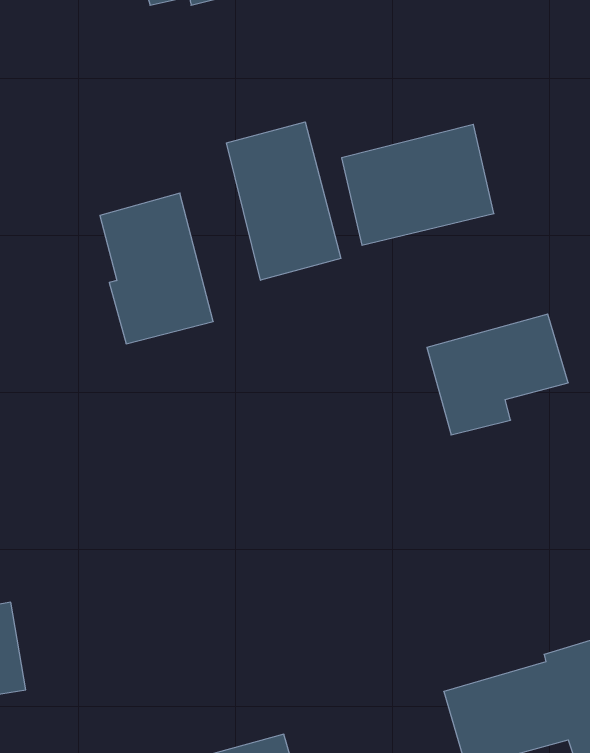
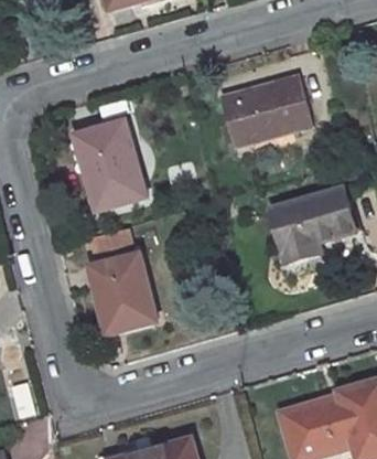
building: [226,122,341,280] -> none
building: none -> [85,226,153,330]

